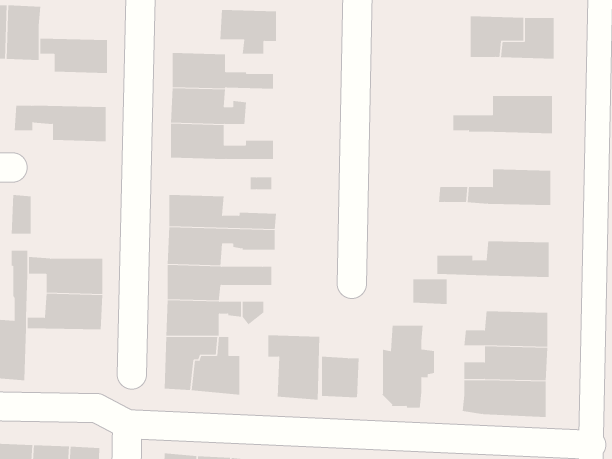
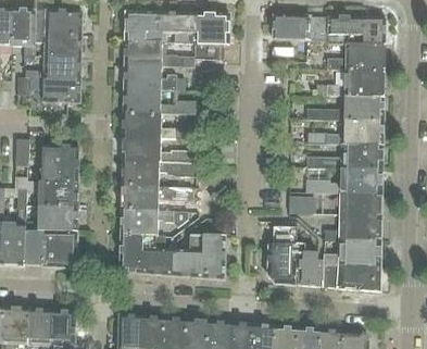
building: none -> [34,10,81,33]
building: none -> [124,11,165,42]
building: none -> [187,13,229,59]
building: none -> [272,14,327,45]
building: none -> [325,45,385,71]
building: none -> [28,54,80,78]
building: none -> [304,96,384,122]
building: none -> [122,113,174,139]
building: none -> [41,145,78,182]
building: none -> [304,145,382,171]
building: none -> [338,194,381,219]
building: none -> [24,229,76,267]
building: [321,356,359,398] -> [171,248,197,276]
building: none -> [298,252,323,286]

